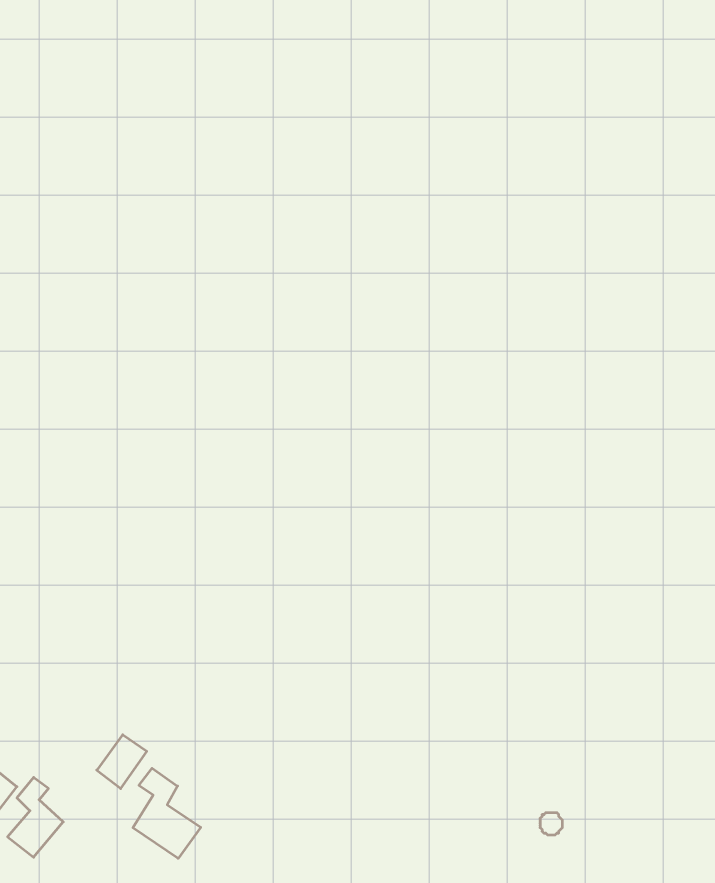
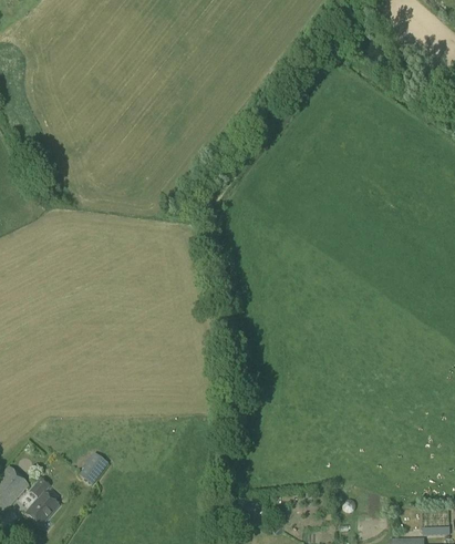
building: [133,768,201,858] -> none

